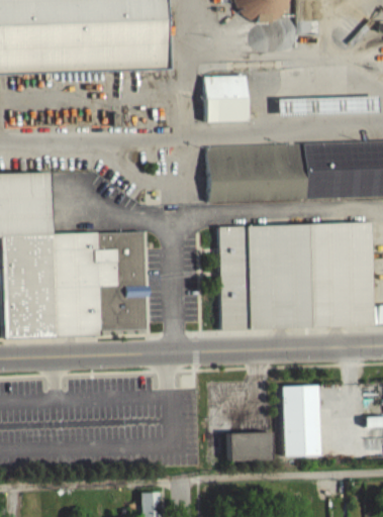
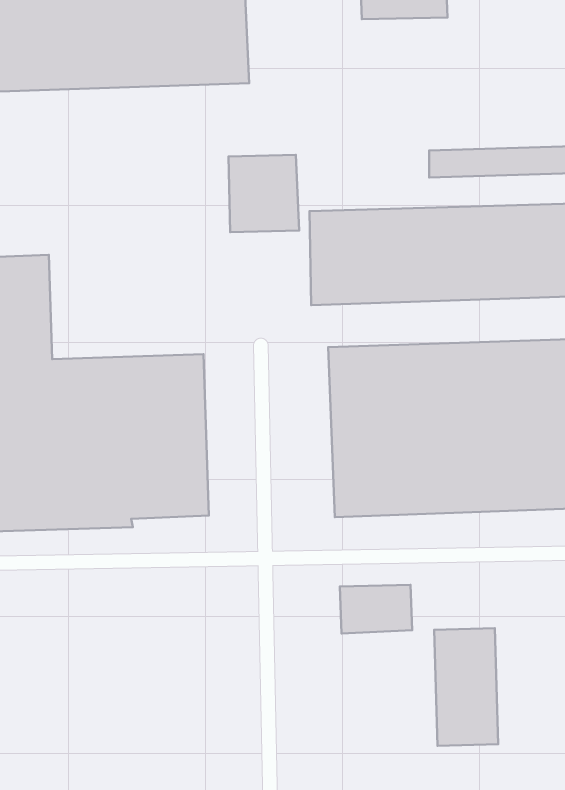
building: [205,83,248,129] -> [229,155,299,232]
building: [228,439,272,469] -> [340,585,412,634]

